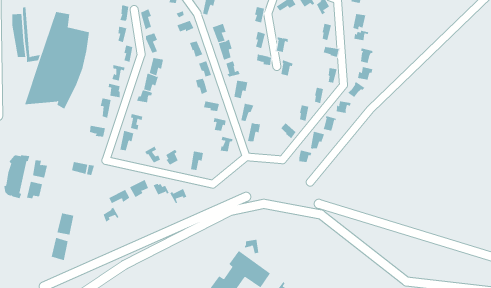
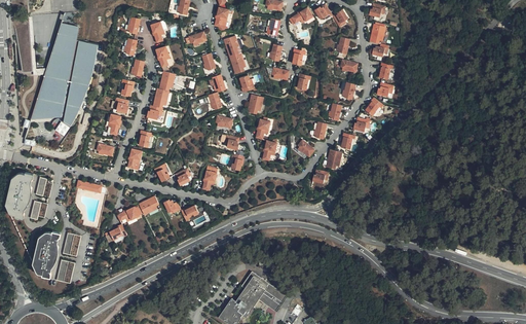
building: none -> [32,230,60,279]

